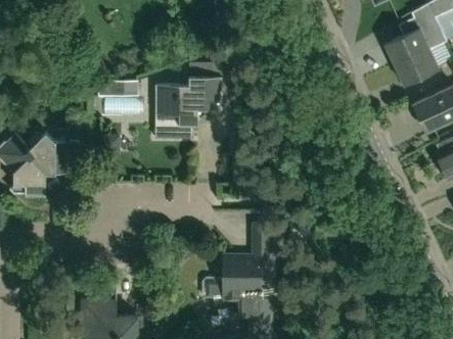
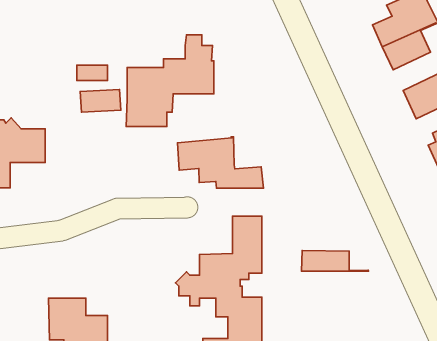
building: none -> [178,137,264,188]
building: none -> [301,251,369,271]

